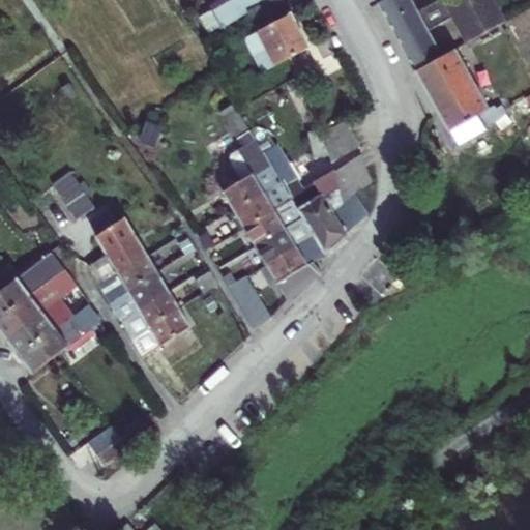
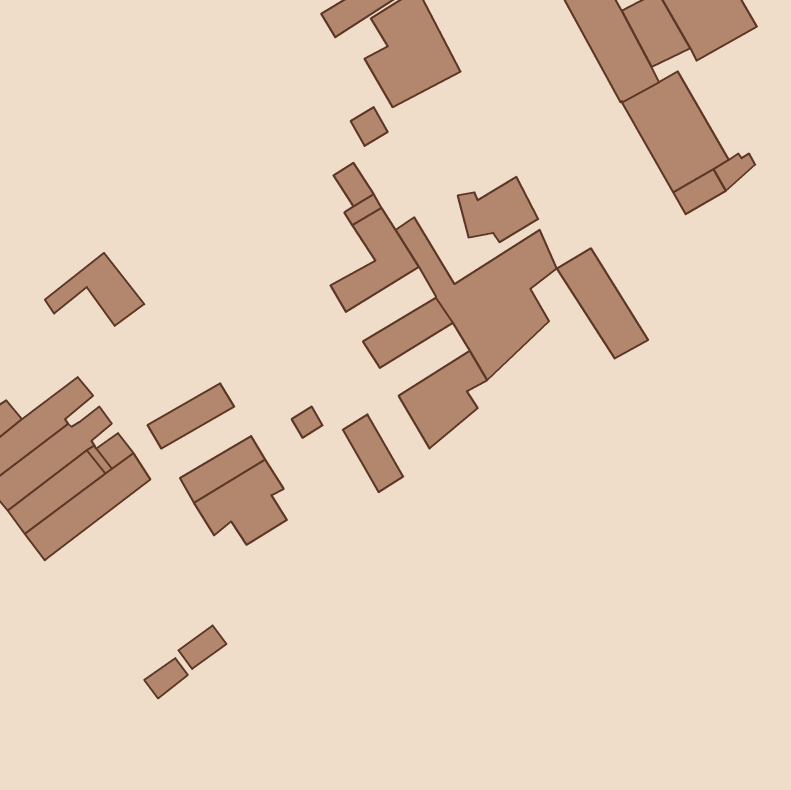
building: none -> [557,248,648,359]
building: [231,178,291,228] -> none
building: [254,215,314,264] -> none
building: [87,217,147,284] -> none
building: [108,271,168,319] -> none

